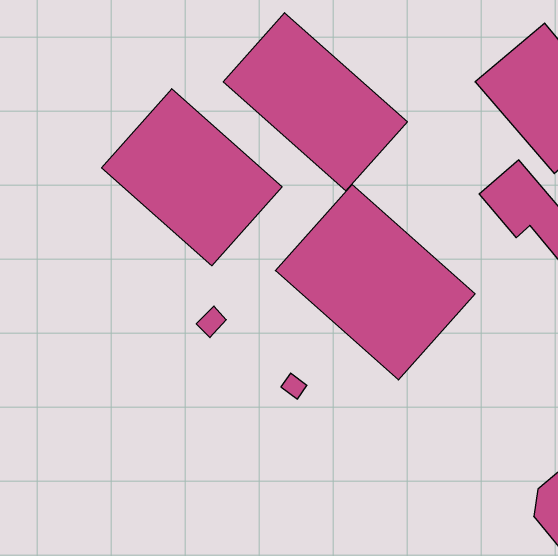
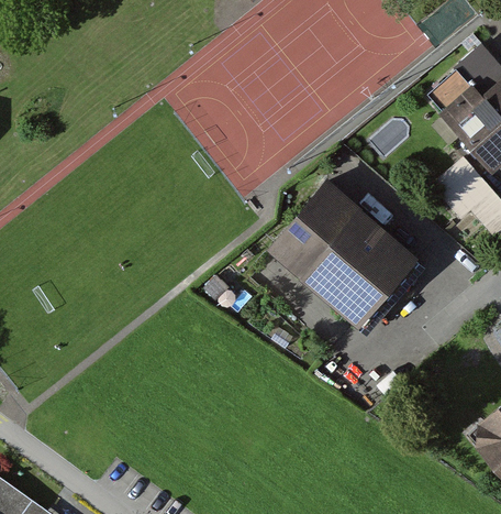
building: [223,13,407,191] -> none
building: [102,89,282,266] -> none

